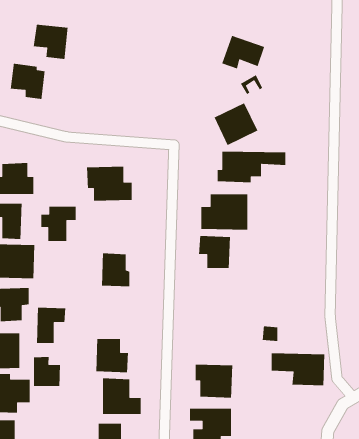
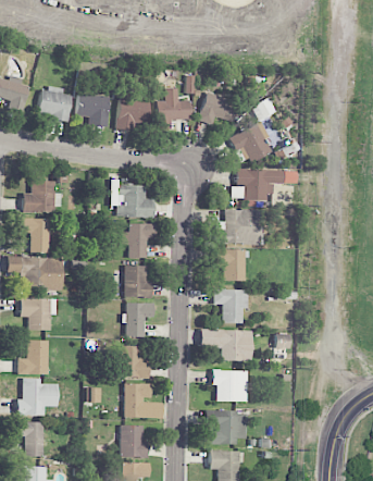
building: [33,24,69,60] -> [75,94,109,127]
building: [221,35,265,70] -> [197,92,238,125]
building: none -> [156,89,190,130]
building: none -> [116,100,149,128]
building: [41,206,76,242] -> [121,224,154,258]
building: none -> [212,289,248,323]
building: [36,307,66,344] -> [125,303,153,337]
building: [271,353,325,386] -> [200,330,251,361]
building: [33,356,61,387] -> none

